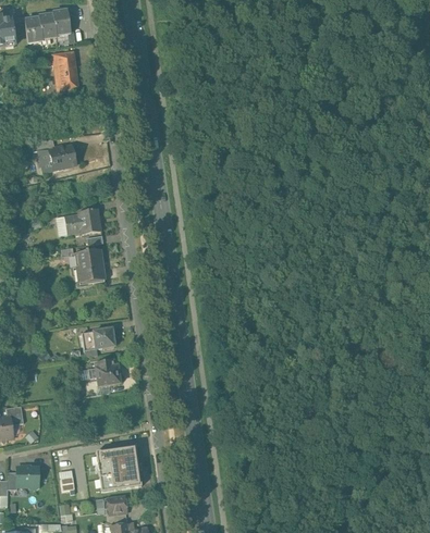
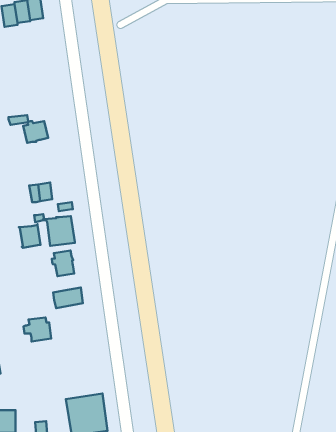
building: [46,51,78,91] -> none
building: [76,208,100,234] -> [19,224,41,248]
building: none -> [52,251,74,276]
building: [88,360,119,386] -> [24,318,51,341]

